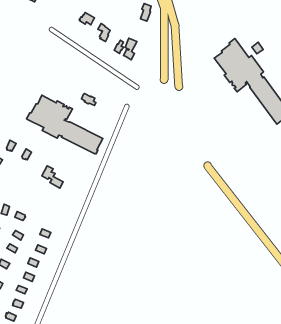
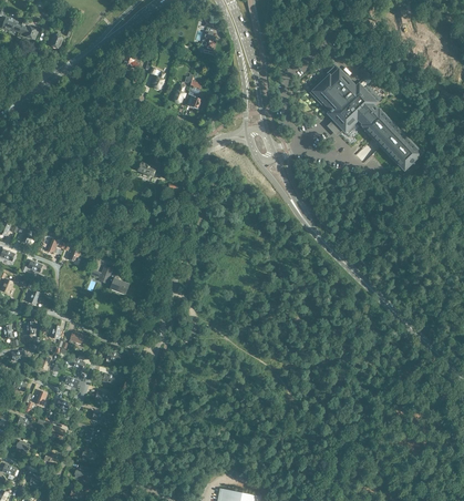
building: [26,95,103,154] -> none

